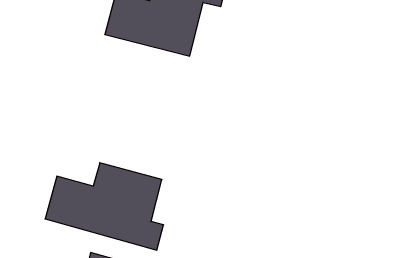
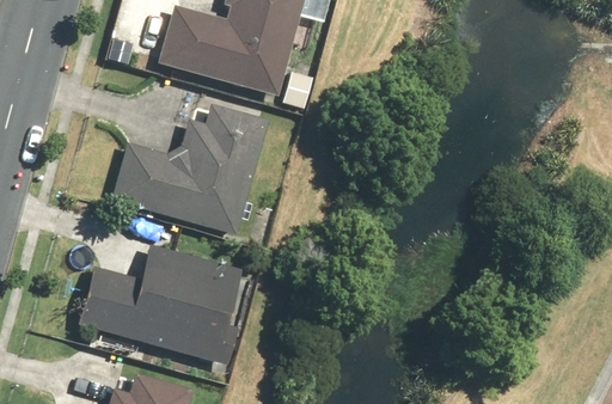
building: none -> [112,104,267,233]

